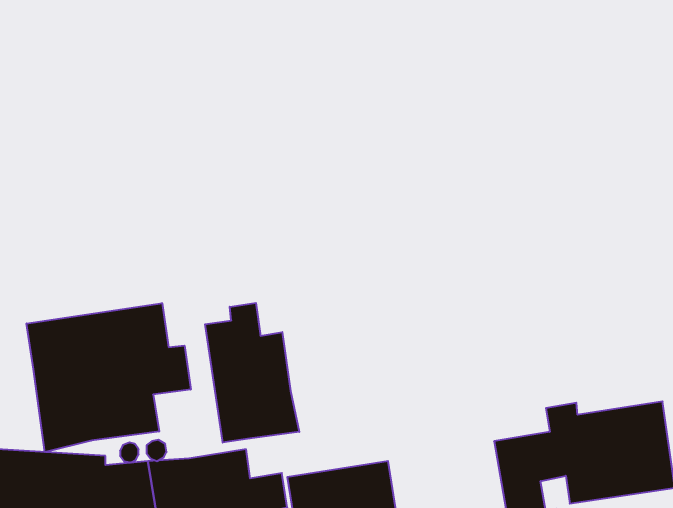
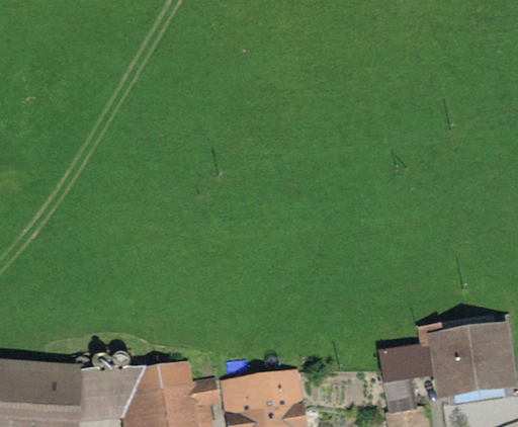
building: [205,303,299,443] -> none
building: [27,303,191,452] -> none

